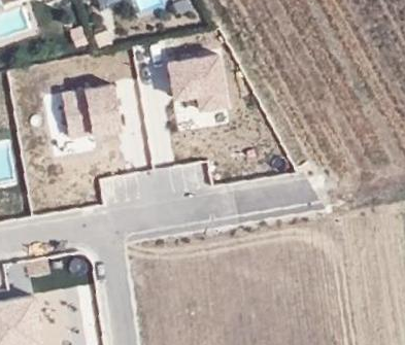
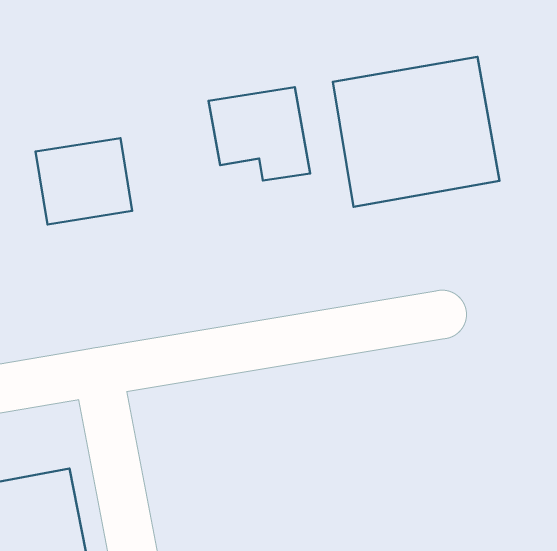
building: none -> [333,57,500,207]

